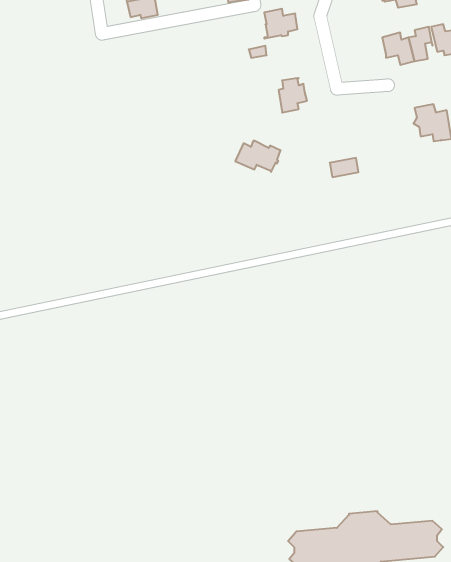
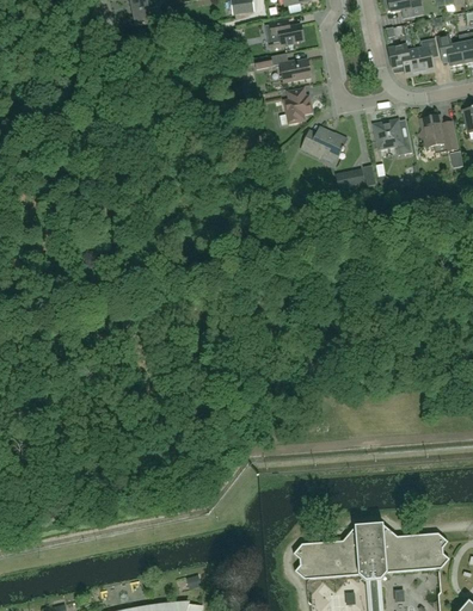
building: none -> [280,58,312,82]
building: none -> [374,119,412,153]
building: [235,141,281,172] -> [301,128,346,159]

